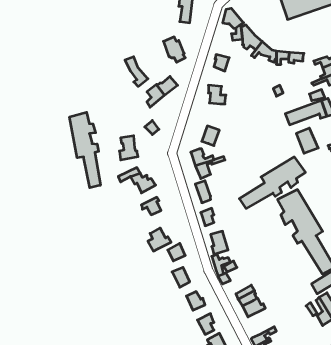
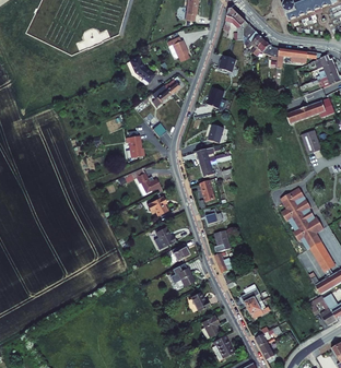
building: [70,112,100,188] -> none
building: [239,157,305,208] -> none

